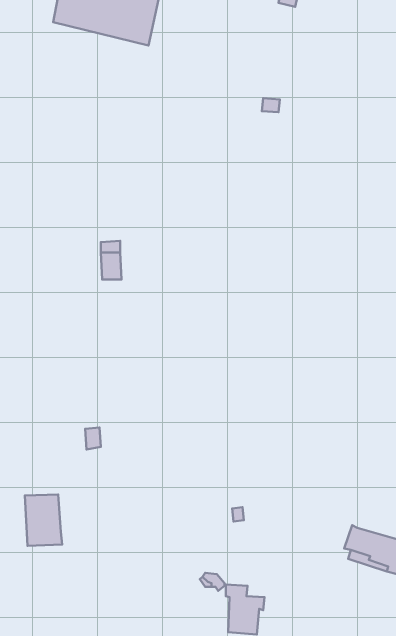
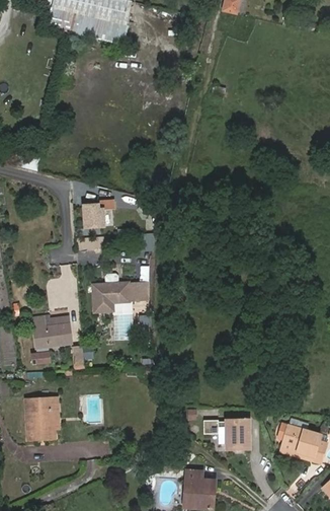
building: none -> [94,283,150,311]
building: none -> [32,315,72,364]
building: none -> [200,419,246,449]

